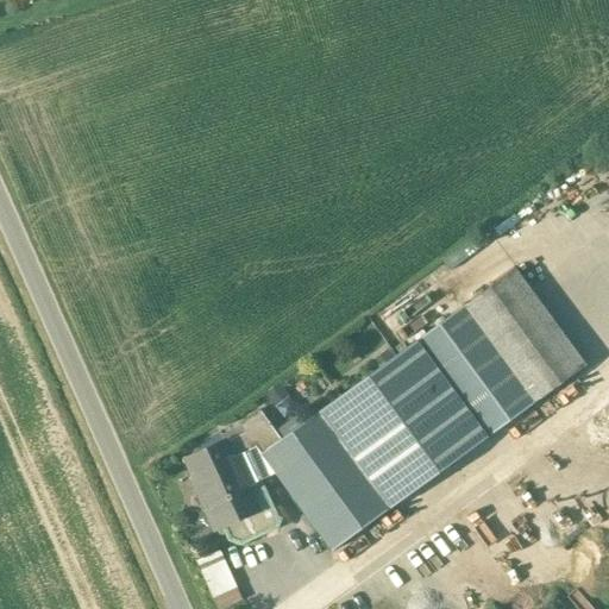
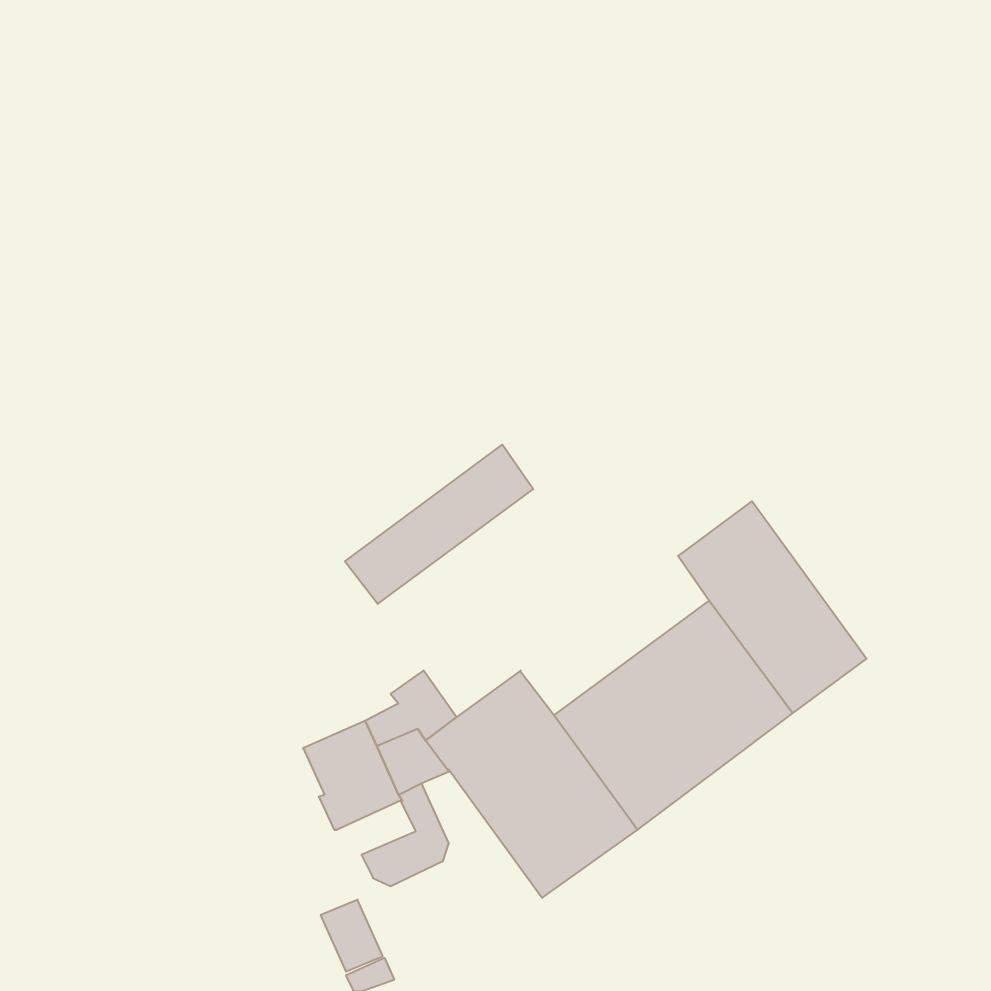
building: [462,269,584,403] -> none
building: [320,340,435,438] -> [345,445,533,604]
building: [207,490,256,527] -> none

